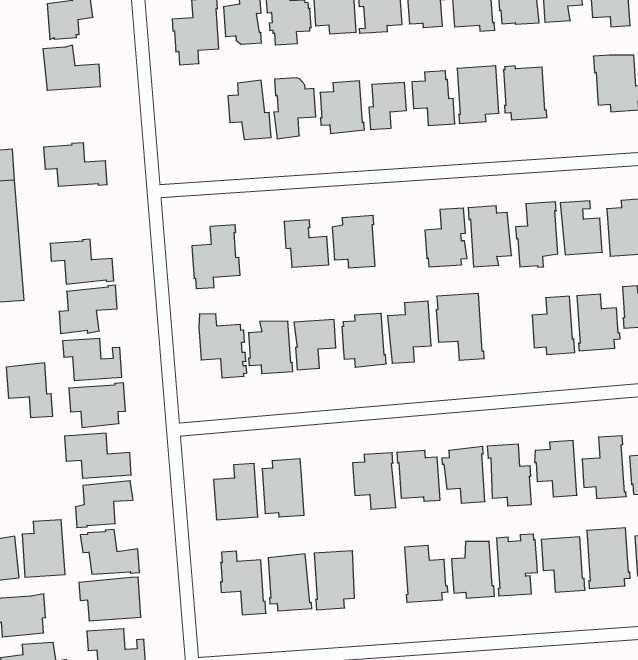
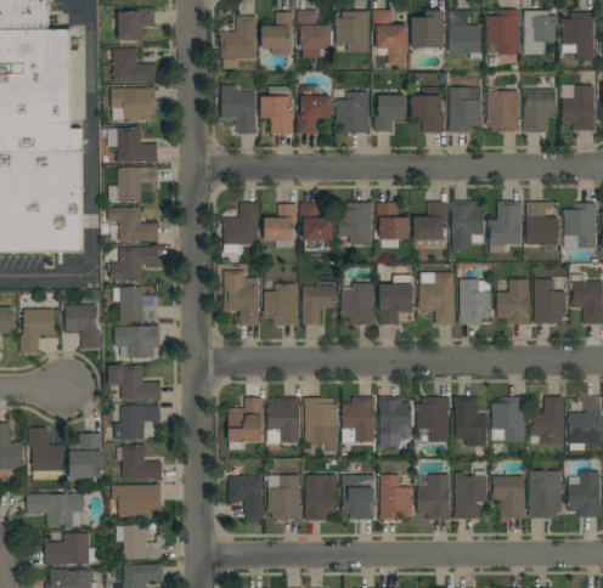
building: none -> [522,89,557,134]
building: none -> [221,85,257,135]
building: none -> [111,87,156,121]
building: none -> [108,168,157,202]
building: none -> [376,203,408,239]
building: none -> [264,204,295,241]
building: none -> [458,279,491,324]
building: none -> [303,398,337,452]
building: none -> [342,475,373,520]

